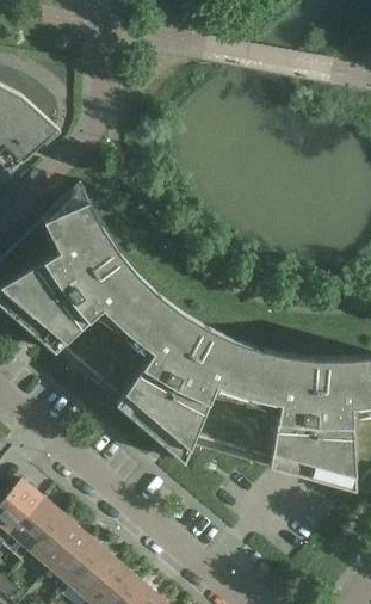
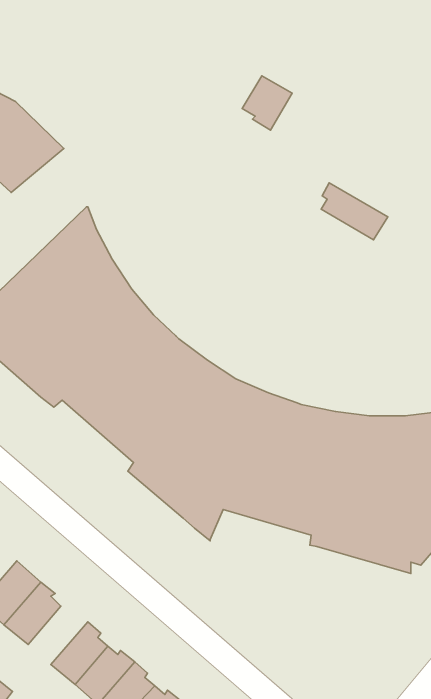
building: none -> [242,76,292,130]
building: none -> [321,183,388,240]
building: [31,518,81,567] -> none

